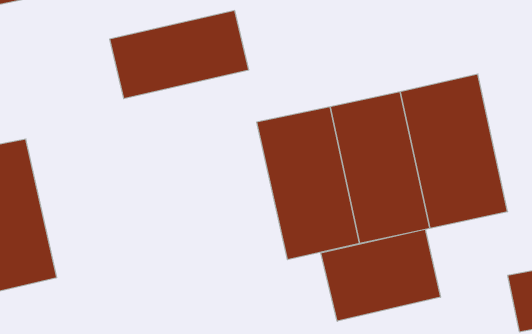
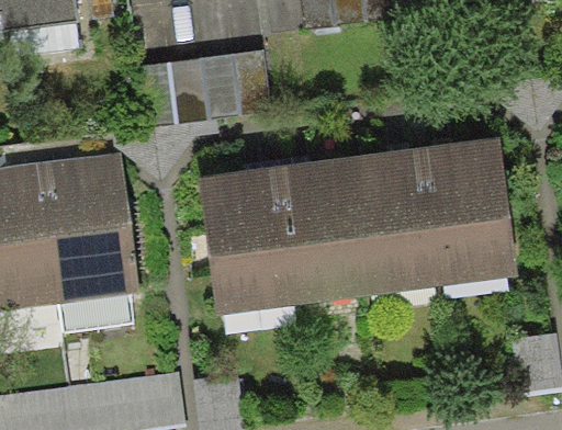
building: none -> [43,150,139,302]
building: none -> [199,165,293,314]
building: [321,229,440,321] -> none

